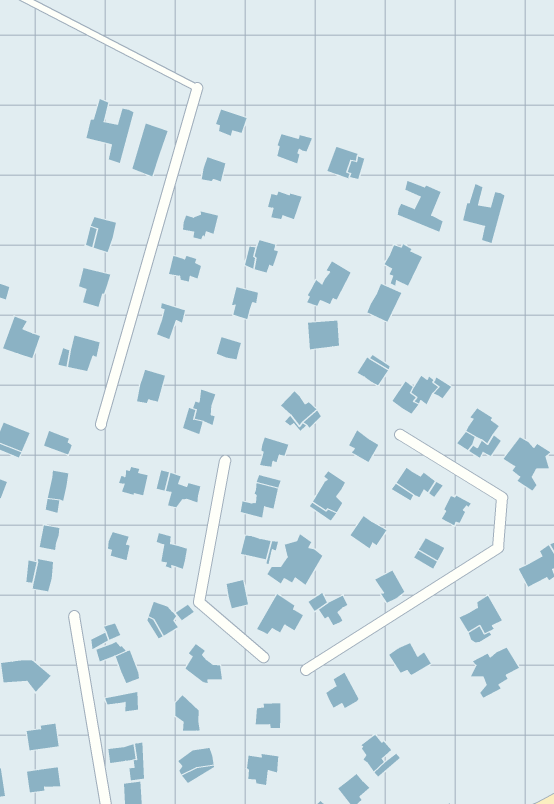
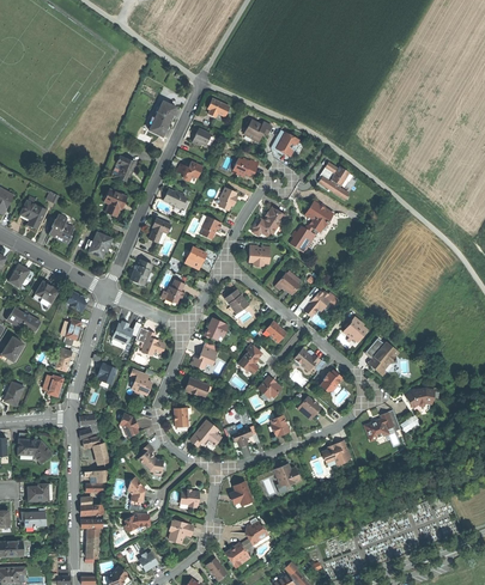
building: [86,98,134,164] -> none
building: [462,183,505,244] -> none
building: [267,533,323,586] -> none
building: [470,647,520,699] -> none

